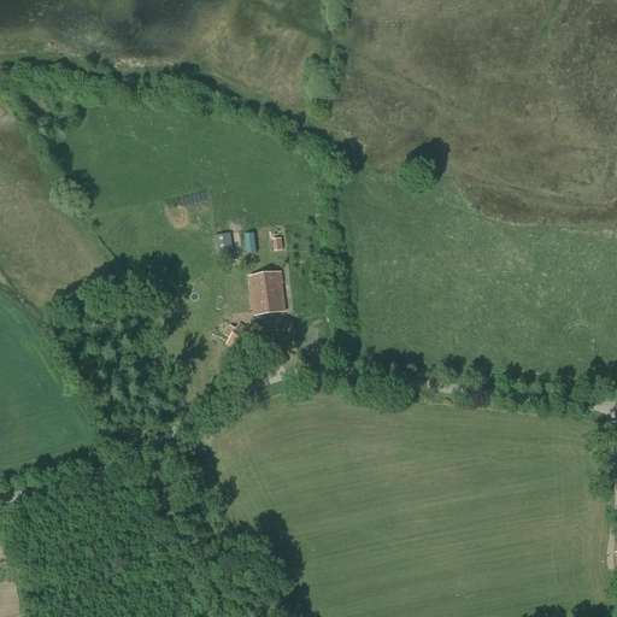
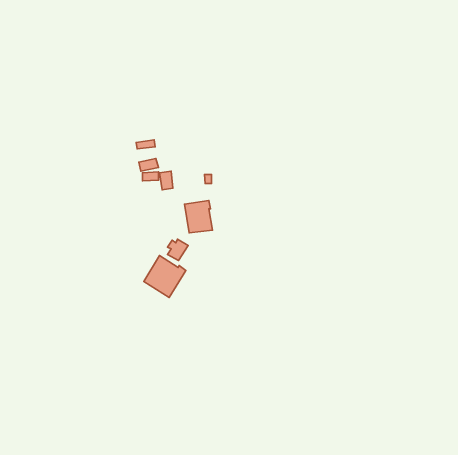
building: none -> [144,255,186,298]

